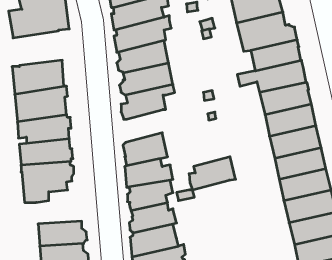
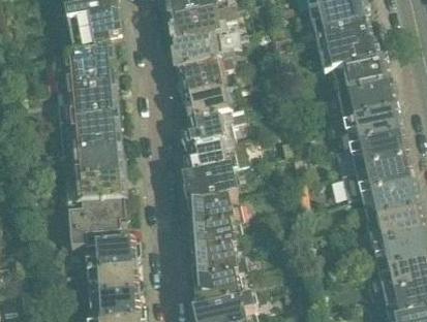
building: none -> [53,49,115,90]
building: [189,157,236,190] -> [183,139,237,178]
building: none -> [84,242,140,271]

